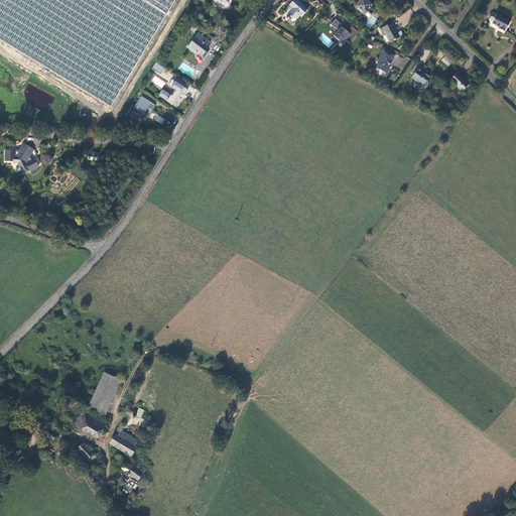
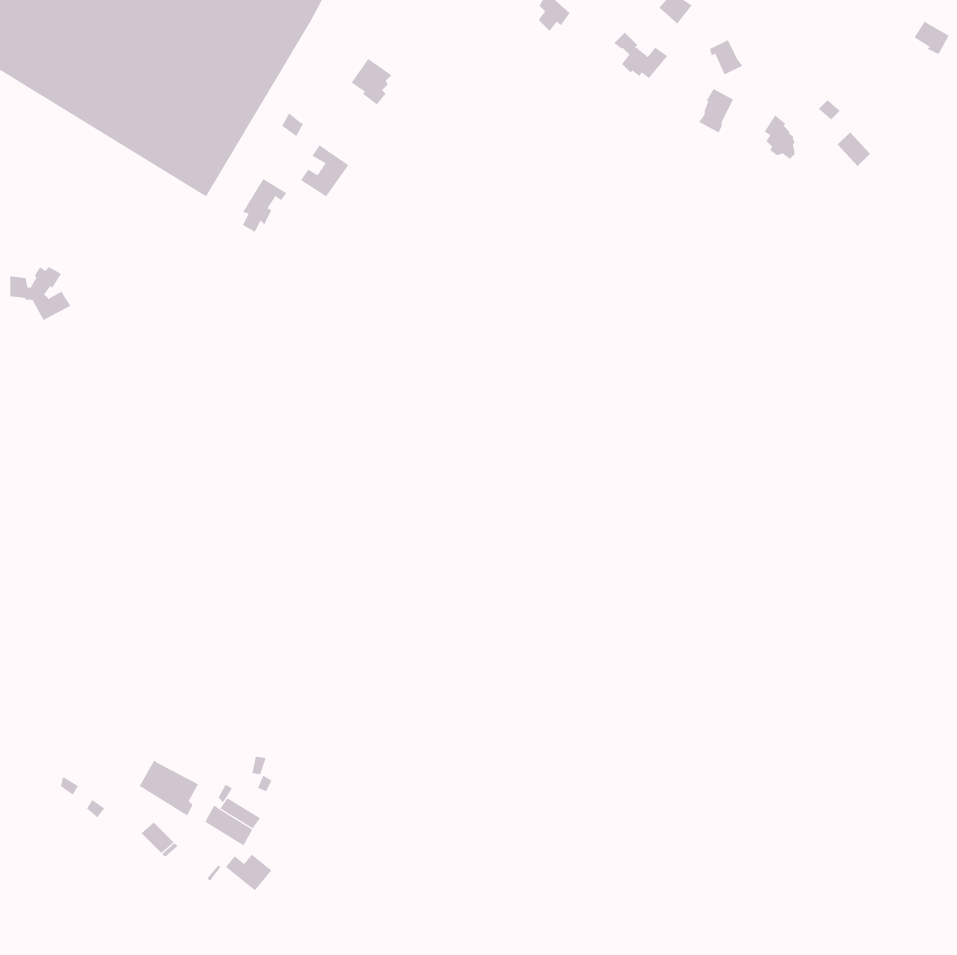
building: [88,371,121,413] -> none

